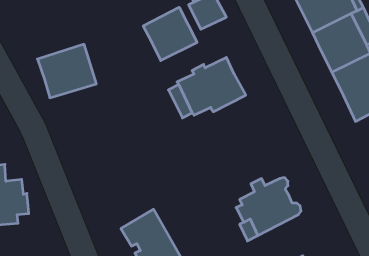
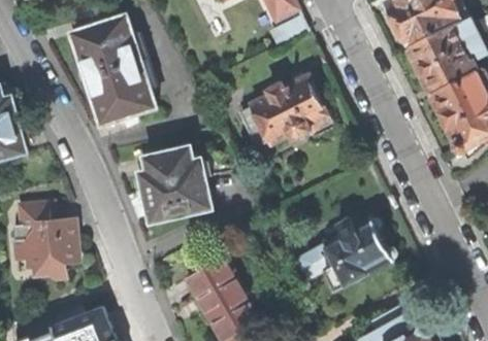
building: none -> [71,14,140,77]
building: [143,7,197,61] -> none
building: none -> [139,146,210,219]

